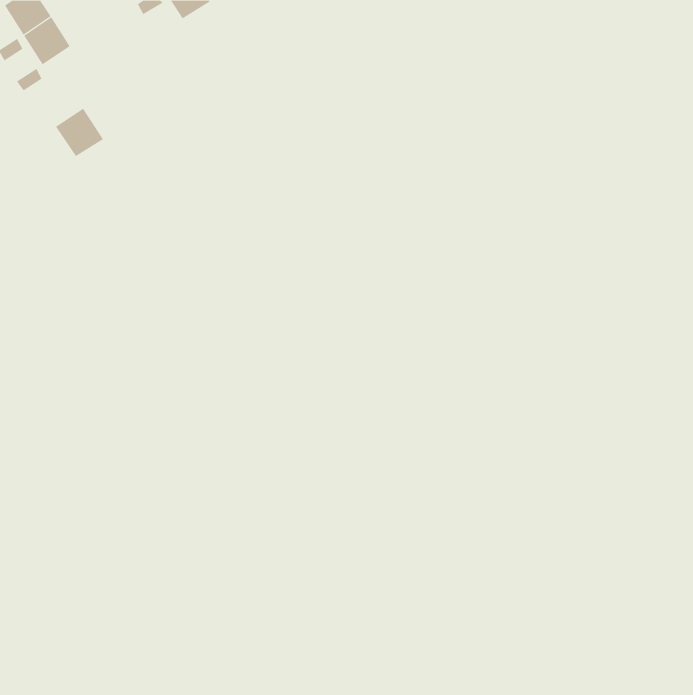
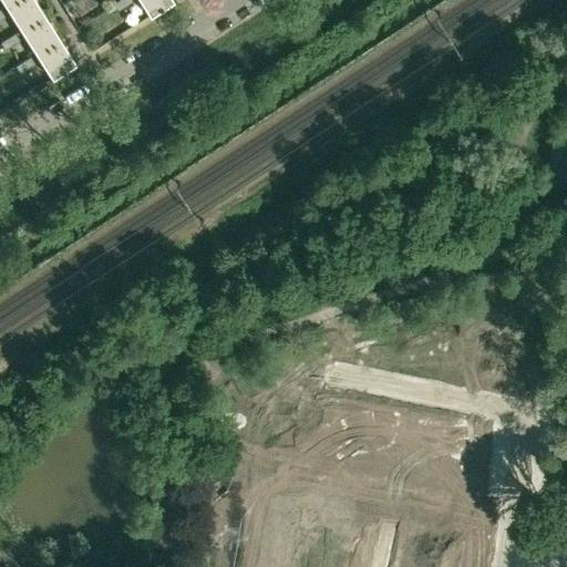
building: [55,108,104,157] -> [34,38,74,78]

